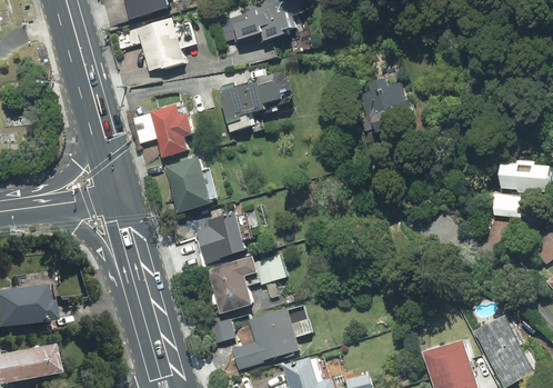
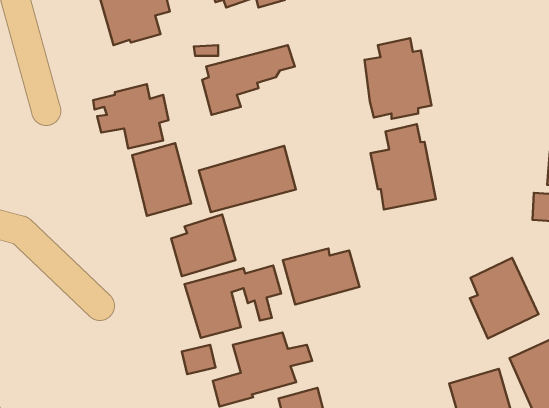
building: none -> [371,124,436,209]
building: none -> [199,146,296,212]
building: none -> [283,249,360,304]
building: none -> [470,258,539,338]

